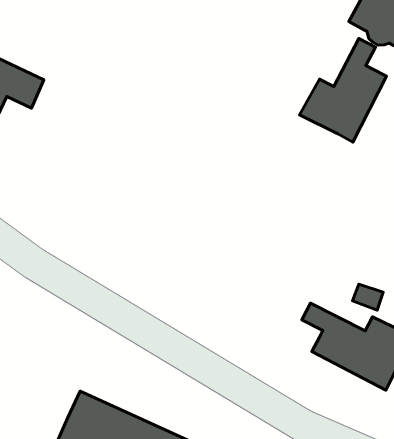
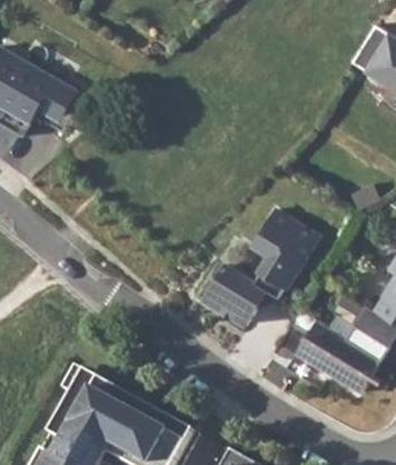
building: [300,38,387,142] -> none
building: none -> [204,208,317,324]

